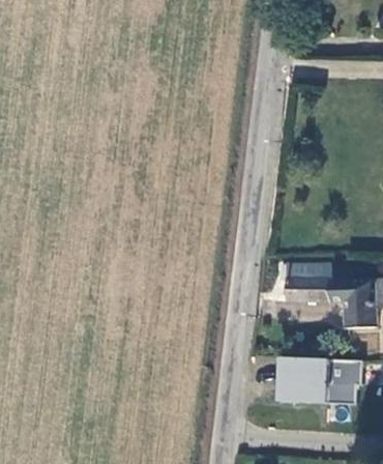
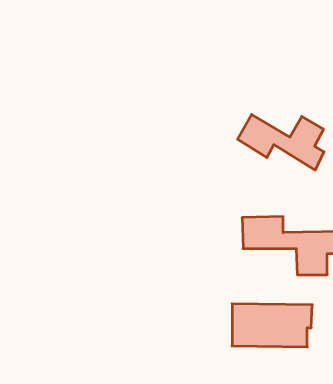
building: none -> [238,114,324,170]

